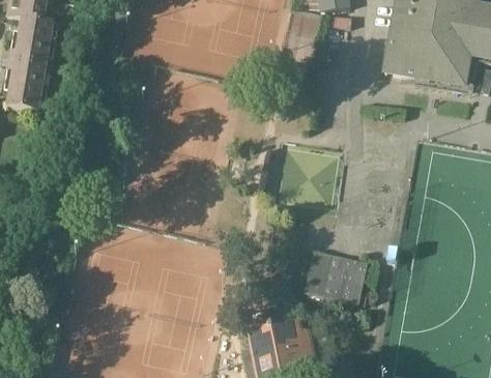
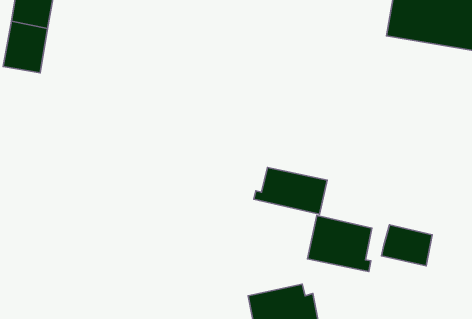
building: none -> [254,167,327,214]
building: none -> [381,225,432,266]

